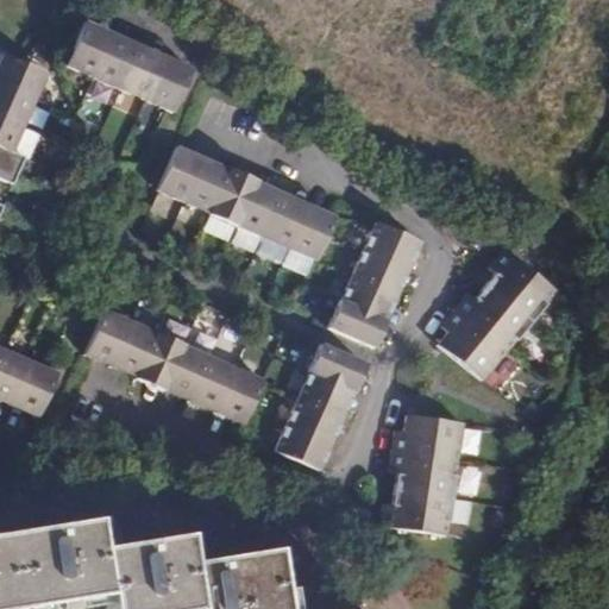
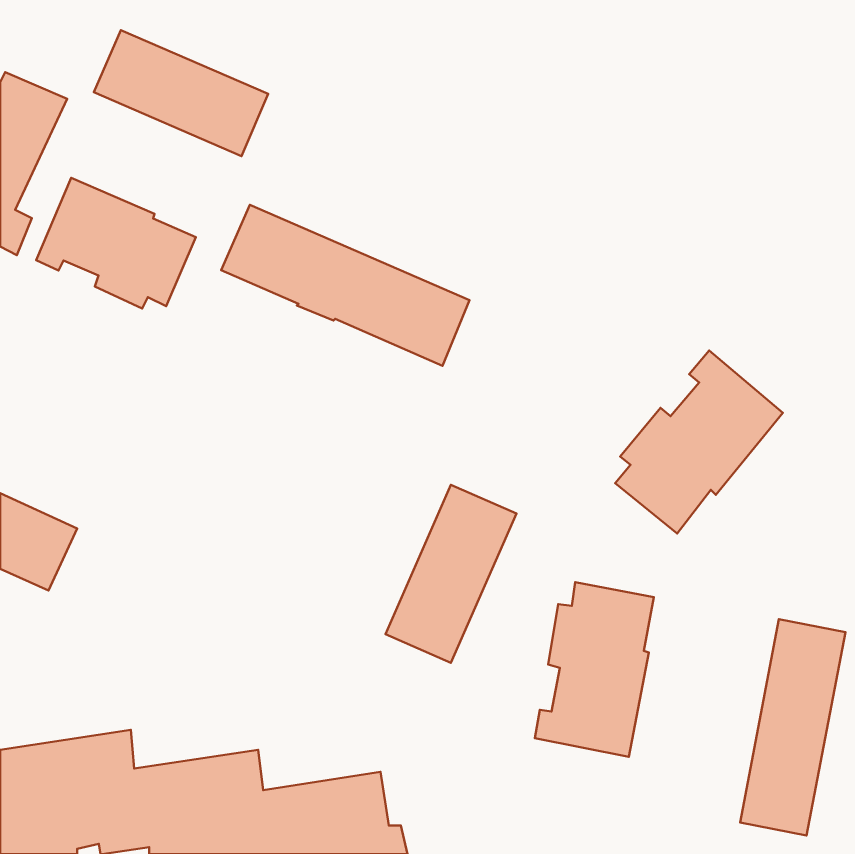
building: none -> [36,178,196,308]
building: [329,219,422,345] -> none
building: [87,310,263,425] -> none
building: none -> [740,619,846,835]

